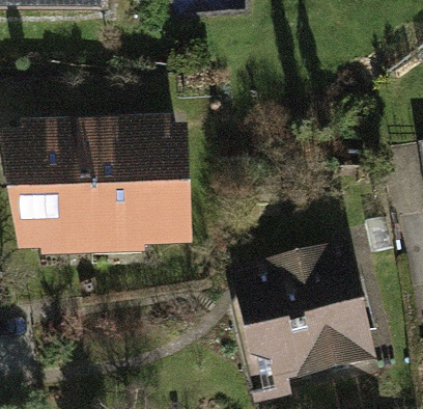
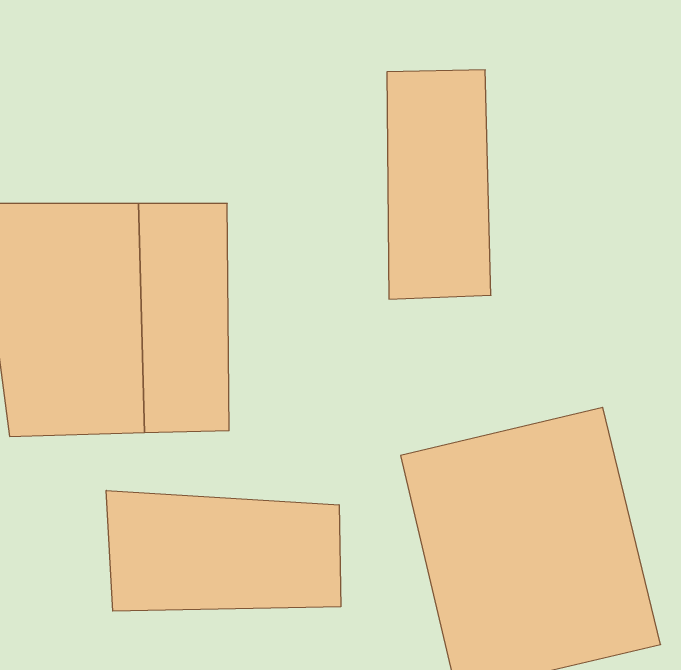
building: [138,142,194,266] -> [387,70,491,299]
building: none -> [106,490,341,611]

